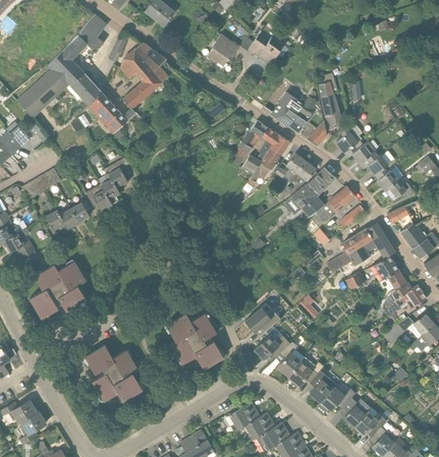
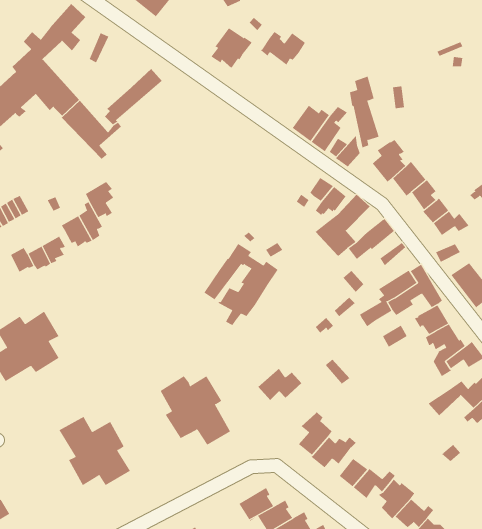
building: [121,43,166,81] -> none
building: [229,120,289,186] -> [204,243,278,326]
building: [254,334,290,359] -> none

